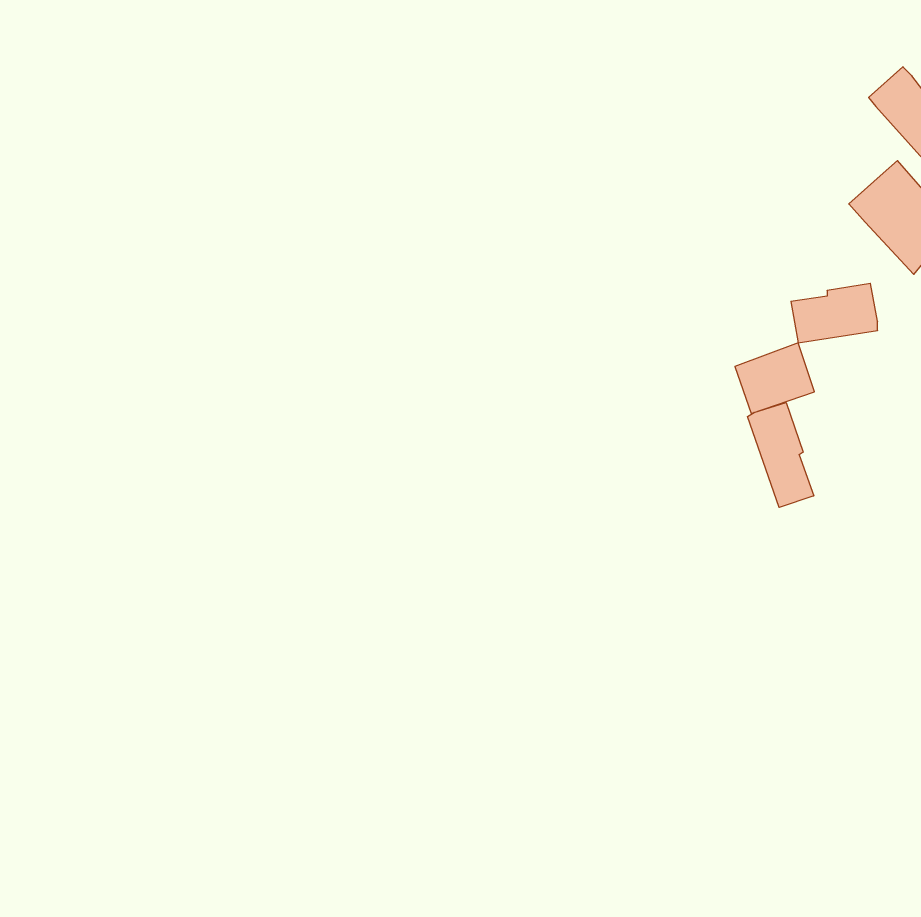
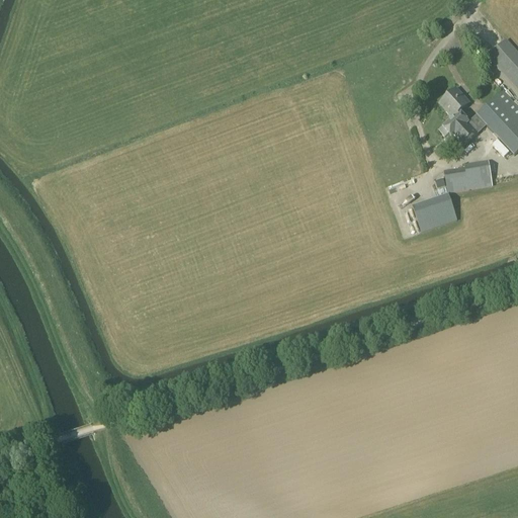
building: none -> [439,86,486,149]
building: [747,403,814,507] -> none

